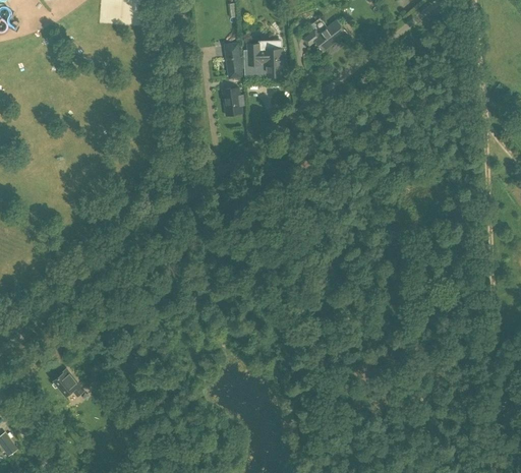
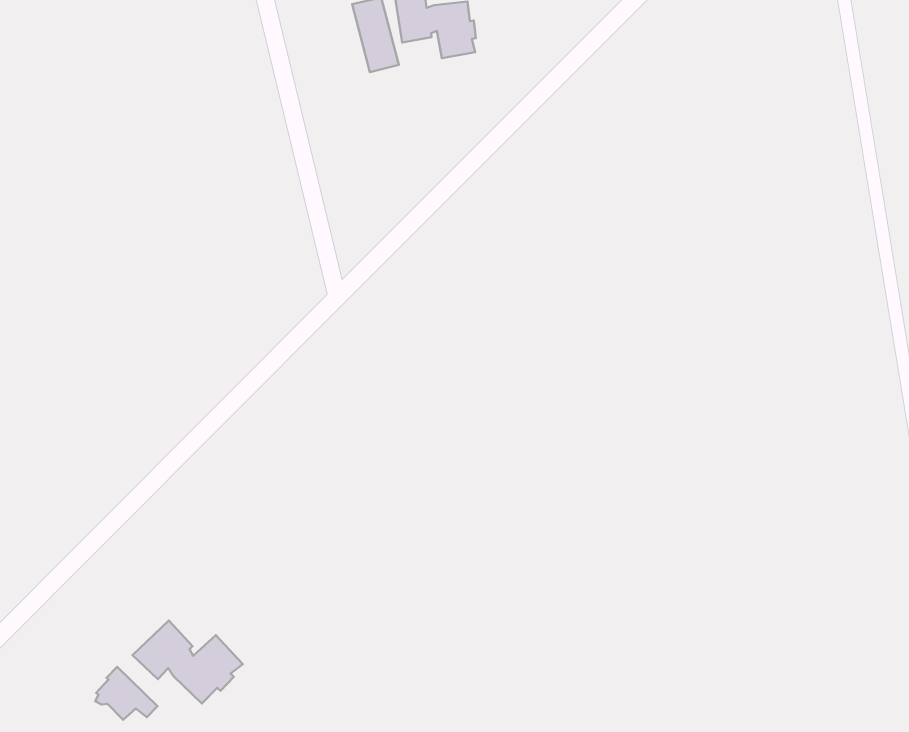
building: [223,87,245,115] -> none
building: none -> [133,621,243,703]

